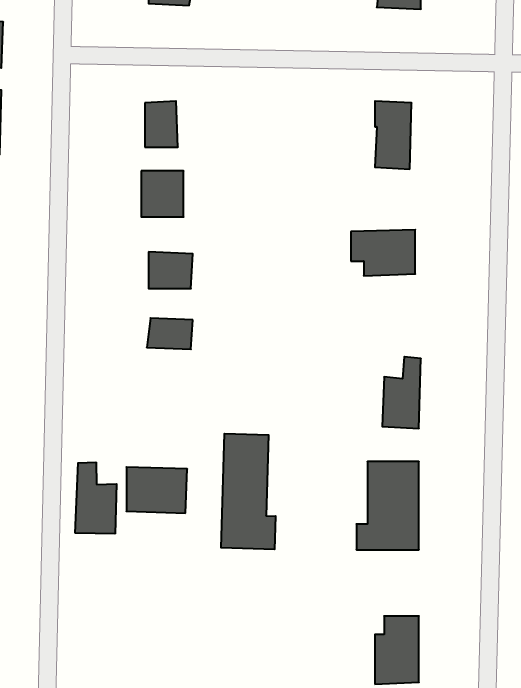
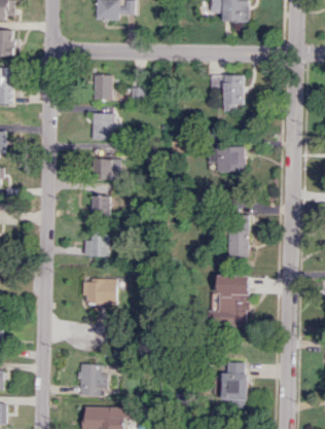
building: none -> [83,230,108,256]
building: [221,434,276,549] -> none
building: [75,462,117,534] -> none
building: none -> [78,364,106,395]

